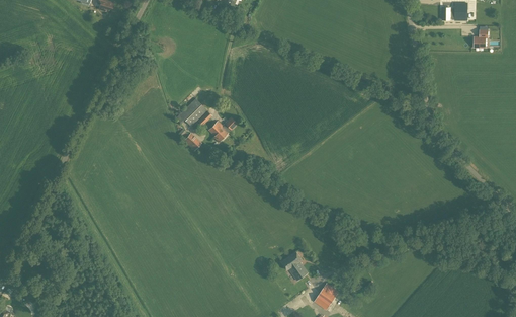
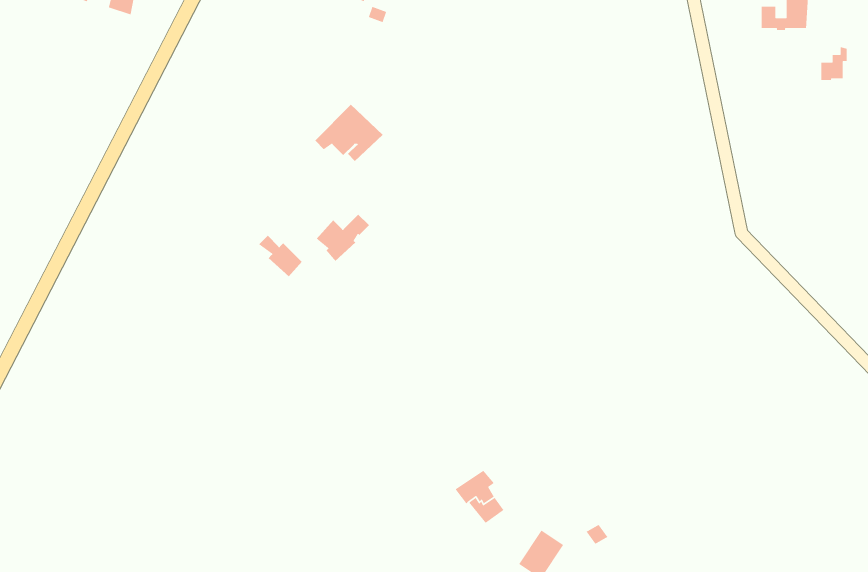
building: [175,98,211,129] -> [314,104,384,162]

